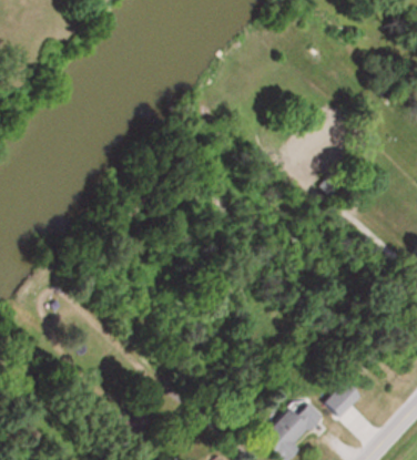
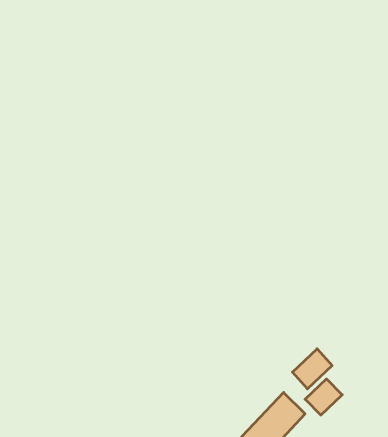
building: none -> [292,349,332,389]

